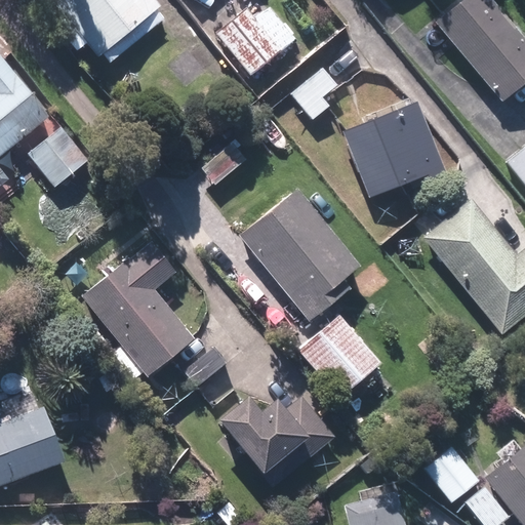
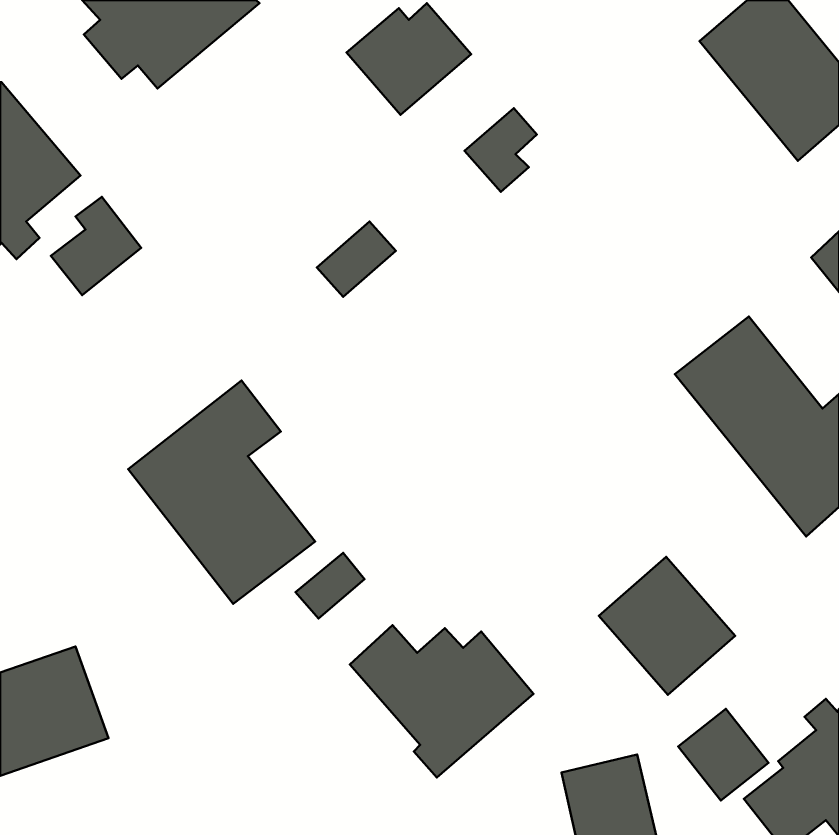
building: [340,100,449,198] -> none
building: [240,190,363,323] -> none
building: [298,314,383,400] -> [599,557,735,695]

